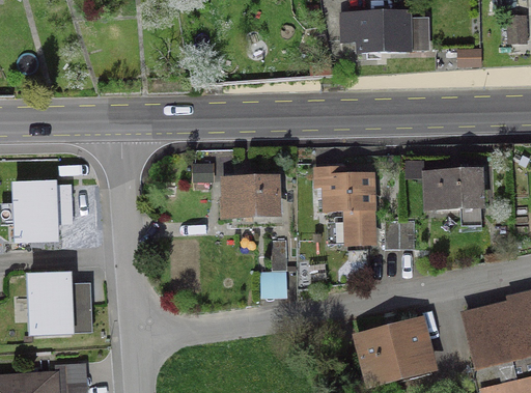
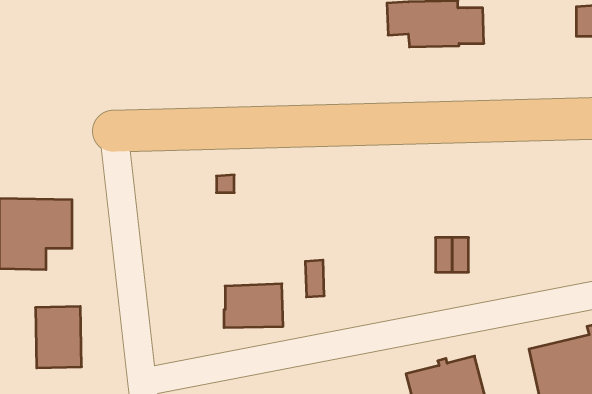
building: [316,166,372,242] -> none
building: [424,166,481,208] -> none
building: [224,176,276,215] -> [224,284,283,328]

